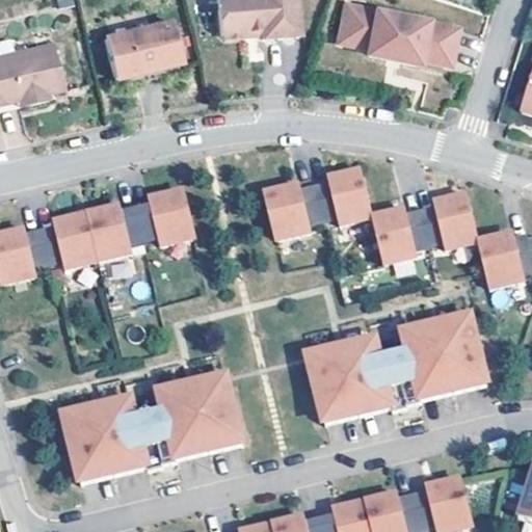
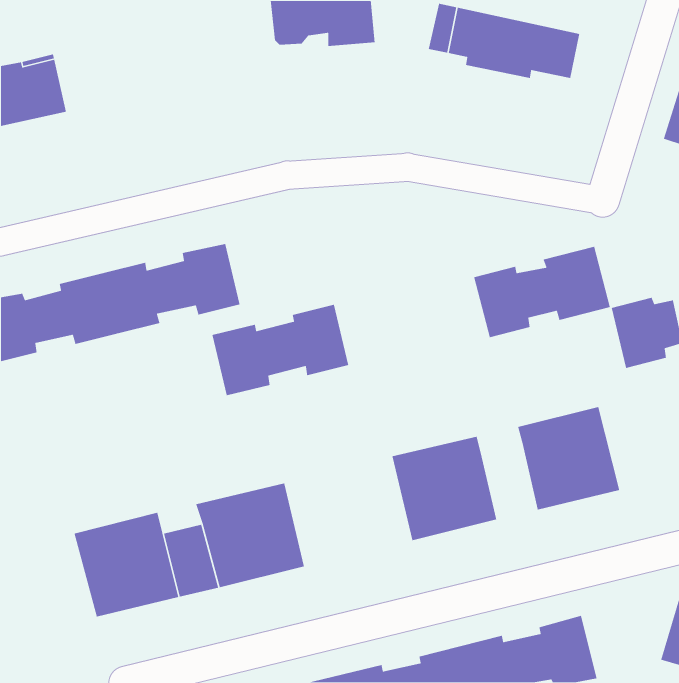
building: [100,19,179,77] -> none
building: [264,167,371,239] -> [212,304,349,396]
building: [378,347,421,404] -> none

